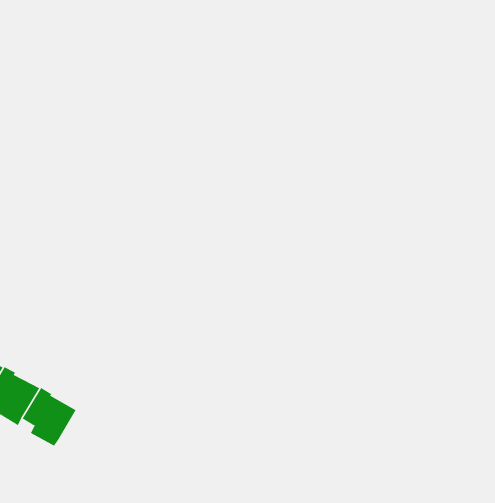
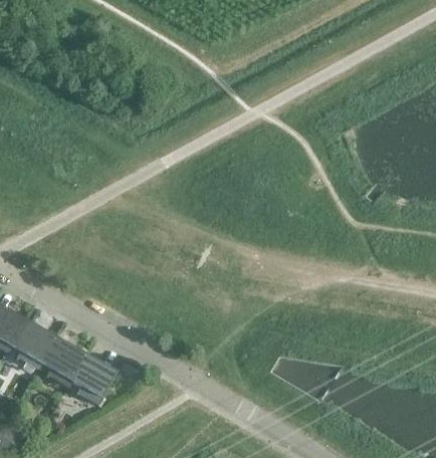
building: none -> [69,352,115,402]

